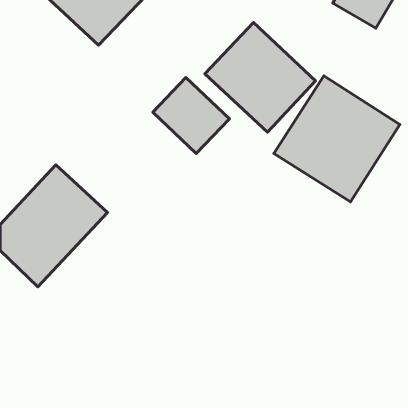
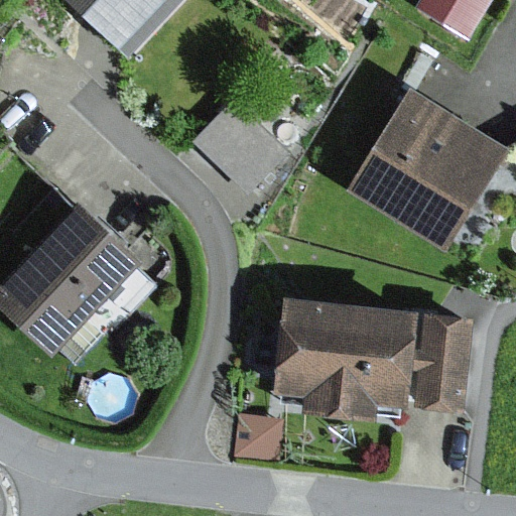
building: [205,22,315,132] -> none
building: none -> [277,295,473,424]

